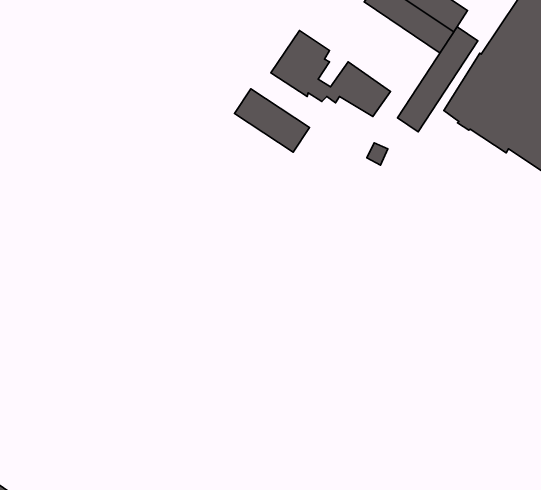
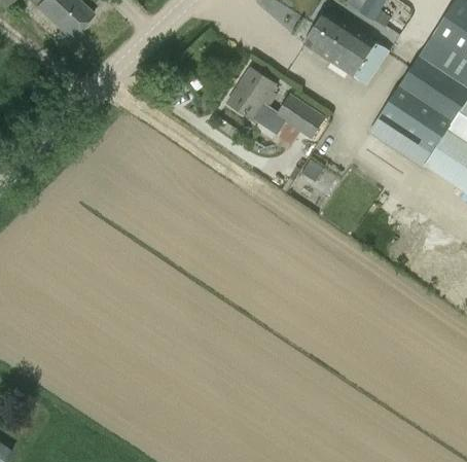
building: [398,27,478,132] -> none
building: [234,89,310,152] -> none

